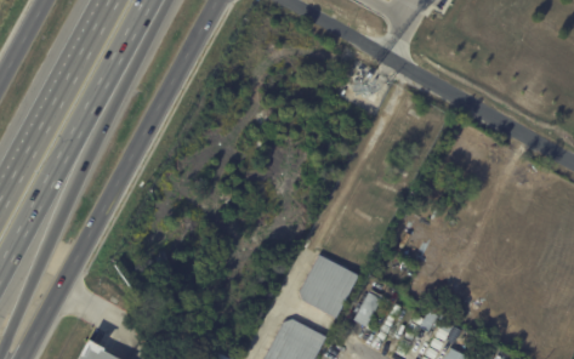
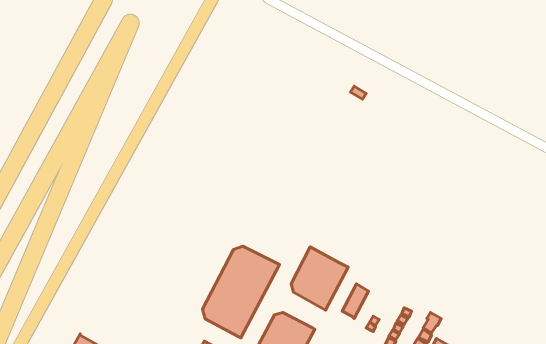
building: none -> [202,246,280,338]

